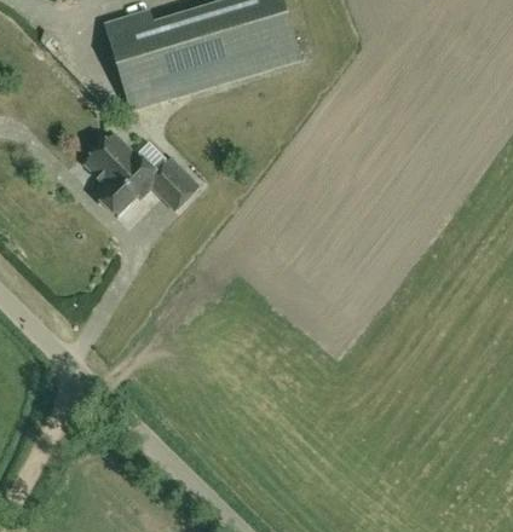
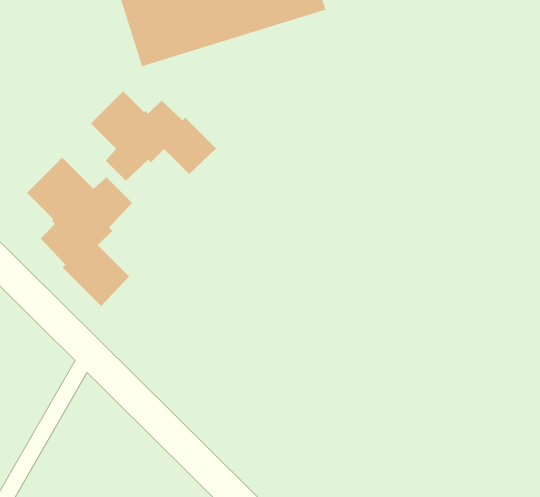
building: none -> [26,157,133,307]

